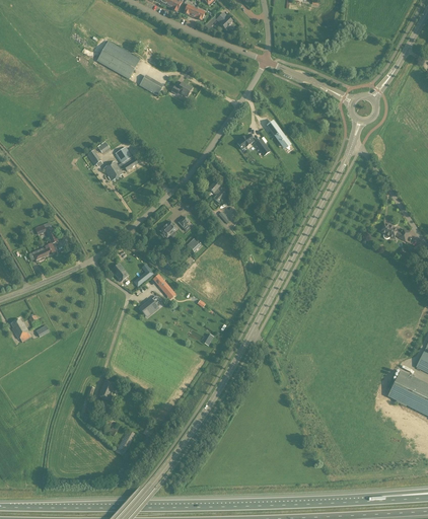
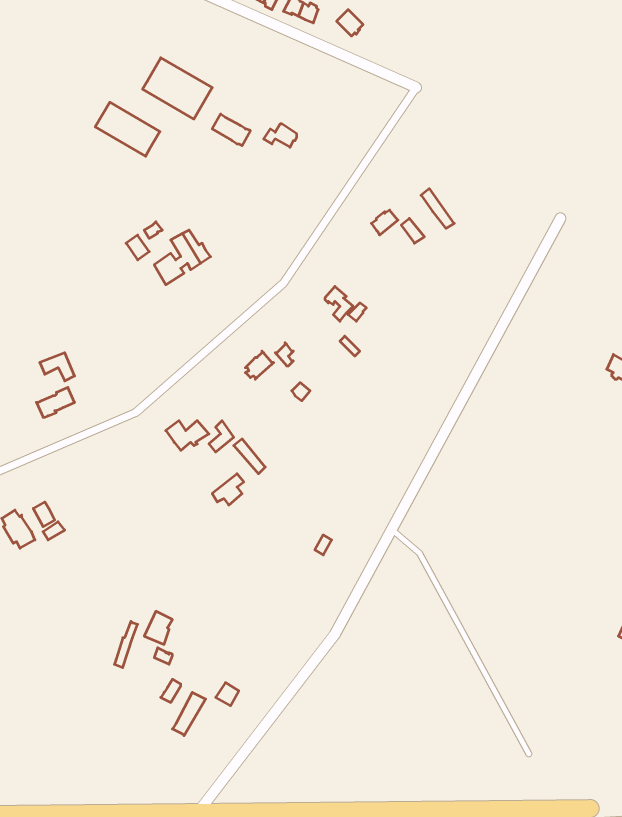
building: none -> [95,102,160,156]

